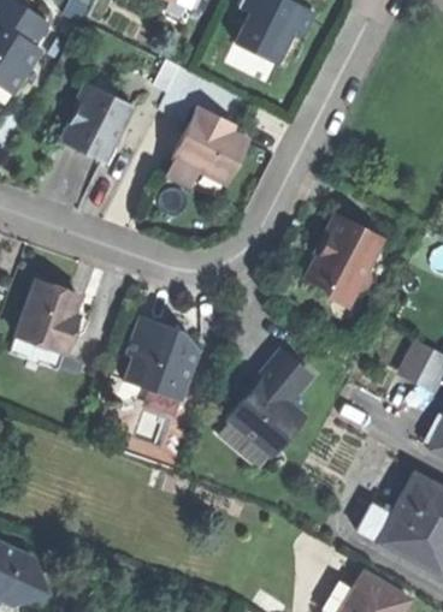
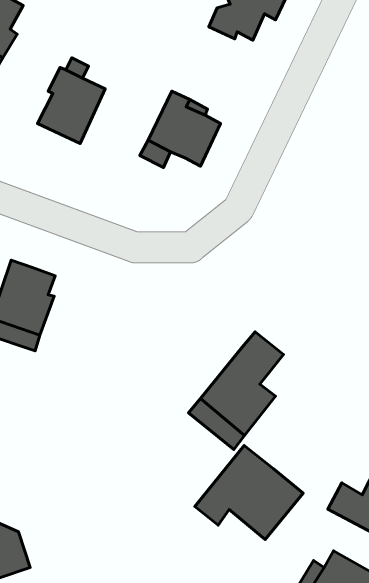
building: [307,213,382,295] -> none
building: [125,315,199,400] -> none
building: none -> [195,446,303,540]

